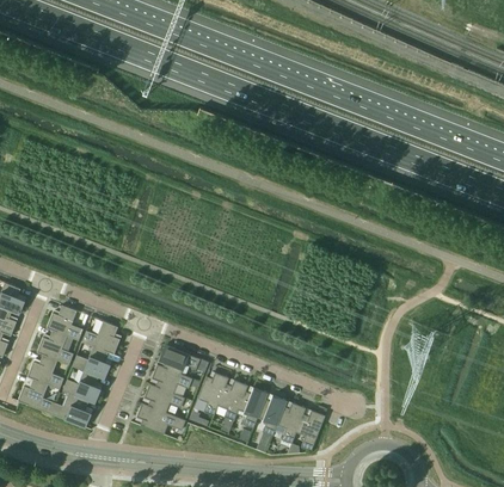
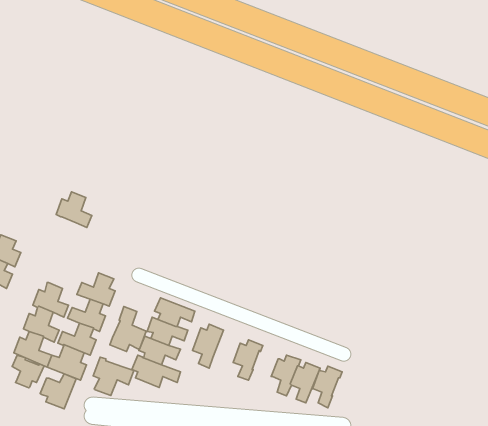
building: [47,304,82,340] -> [56,192,92,227]
building: none -> [110,307,146,352]
building: [217,380,247,420] -> none
building: [257,394,287,436] -> [312,366,342,408]
building: none -> [12,355,44,388]
building: none -> [93,357,134,395]
building: none -> [40,374,76,409]

